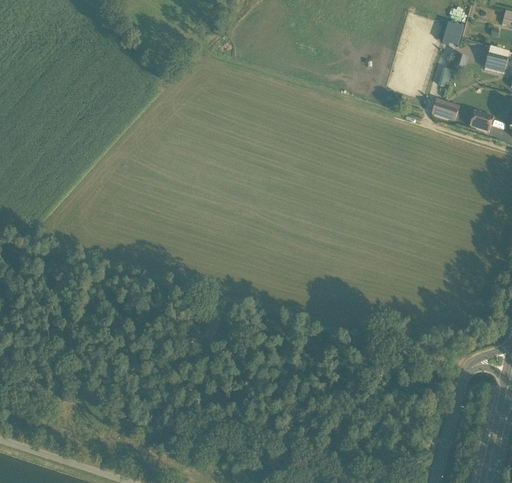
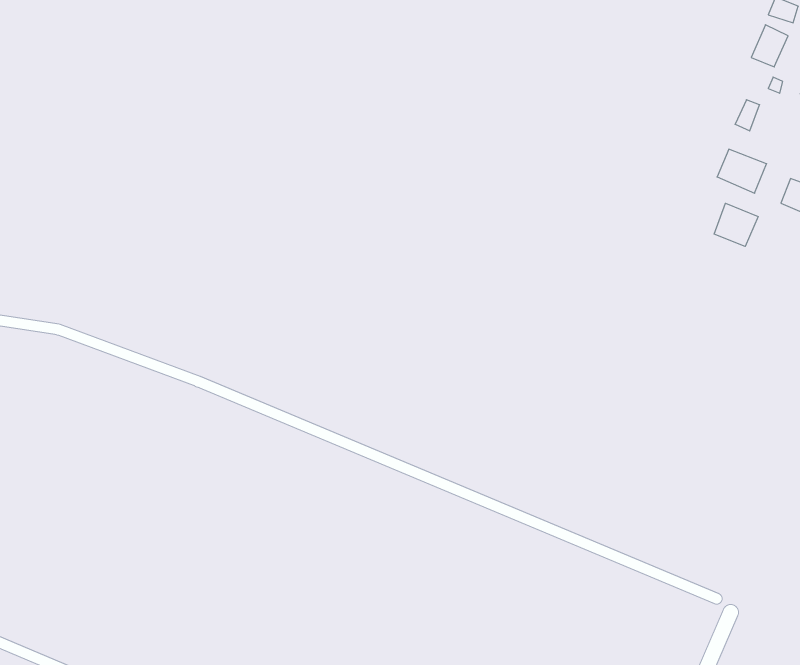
building: none -> [714,203,758,246]

